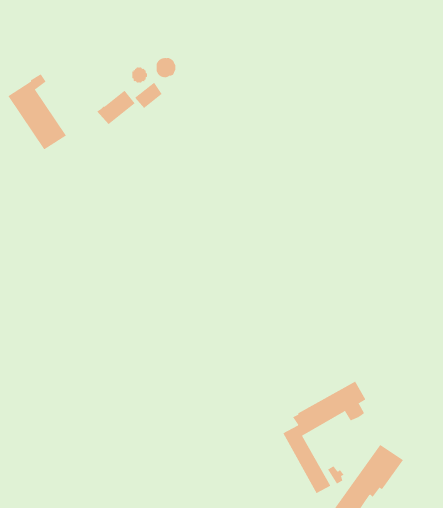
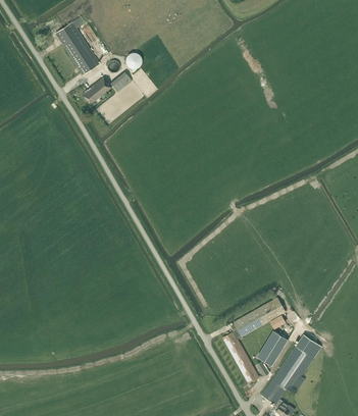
building: [7,73,67,150] -> [56,15,101,73]
building: none -> [258,329,289,364]

